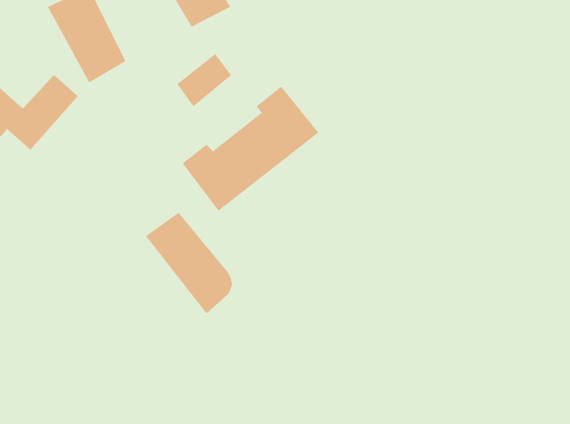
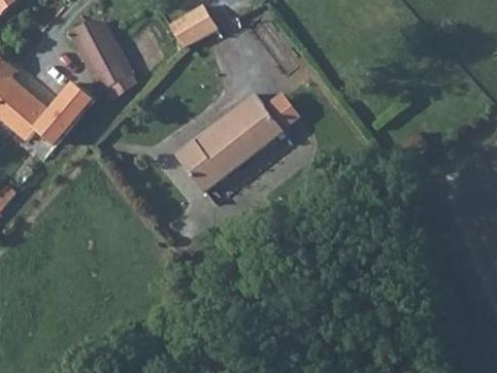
building: [177,53,232,107] -> none
building: [145,212,233,314] -> none

